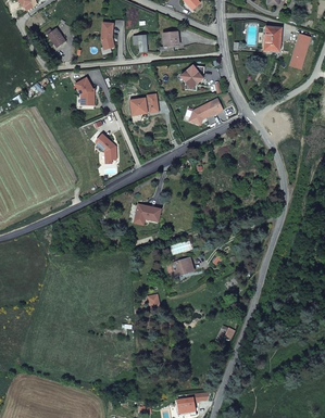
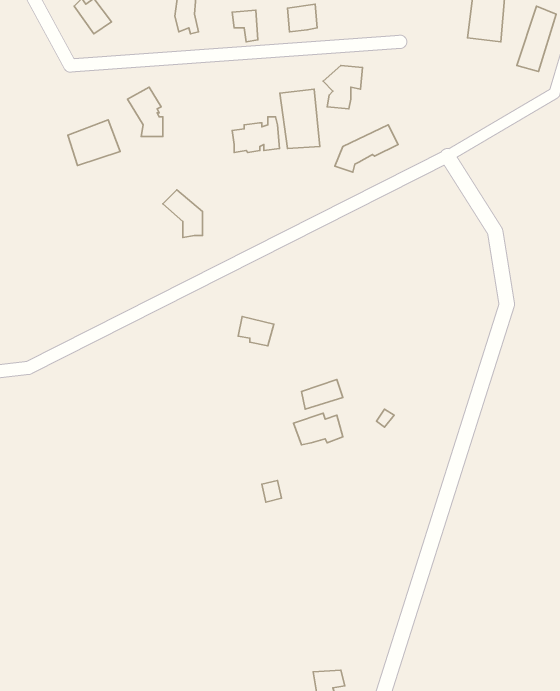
building: none -> [280,89,320,148]
building: none -> [68,120,120,166]

